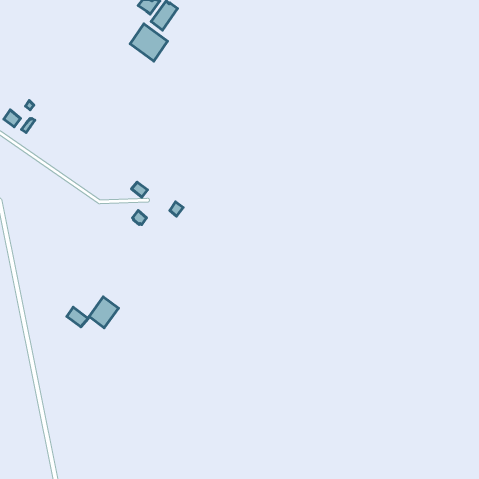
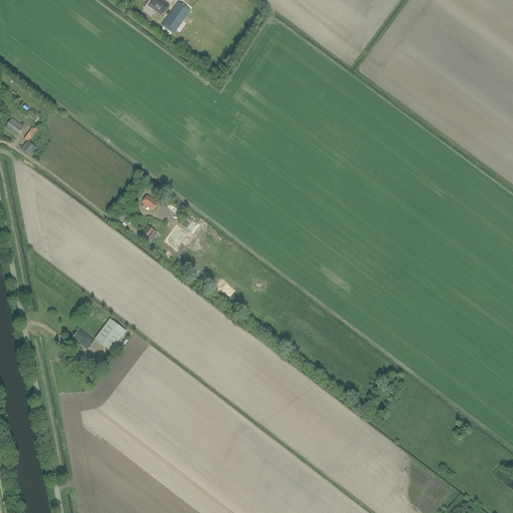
building: [130,24,168,61] -> none

